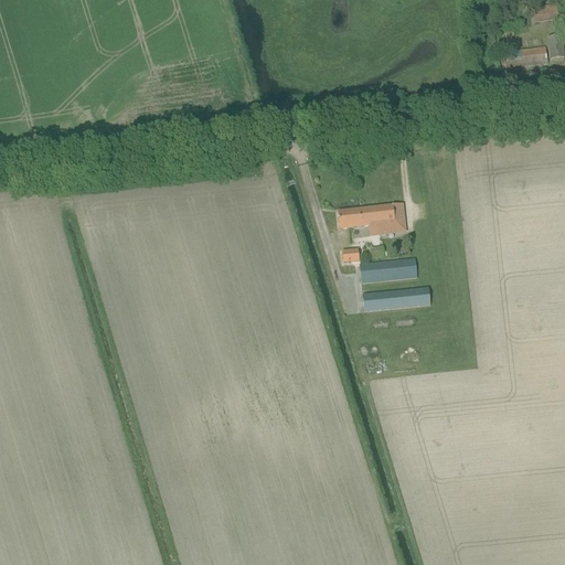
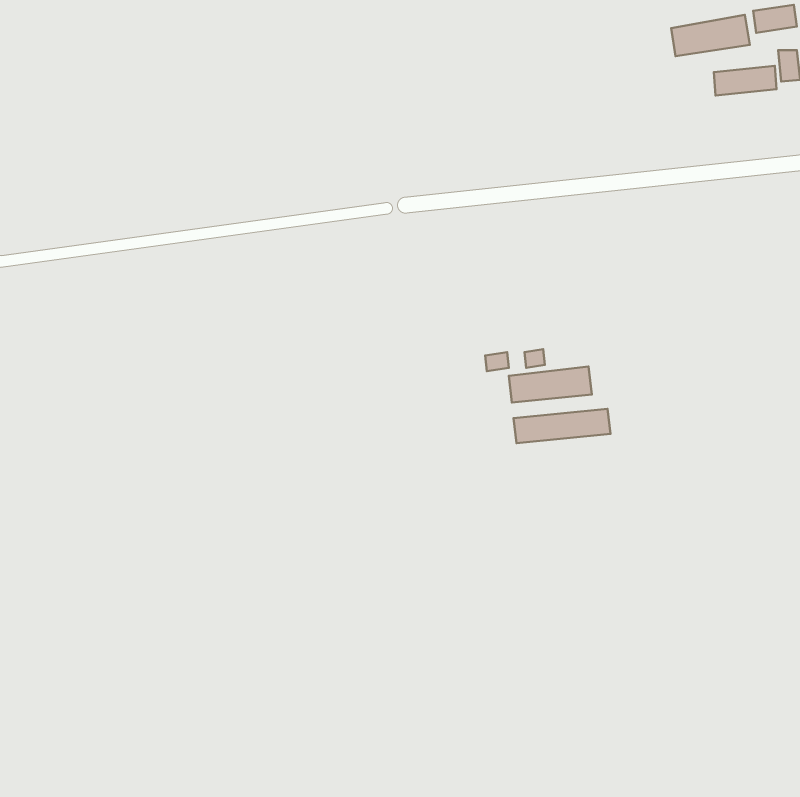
building: none -> [671,15,750,56]
building: [338,204,405,235] -> none

